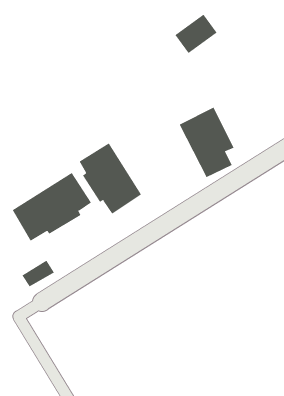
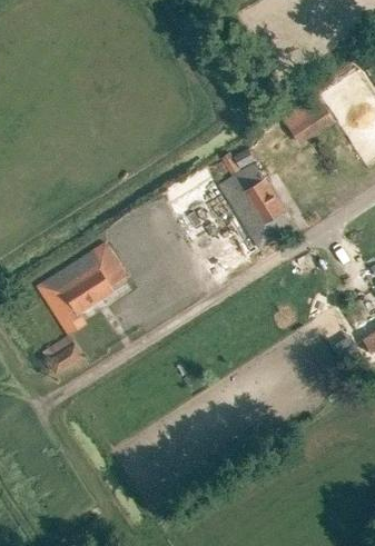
building: [175,14,218,54] -> [290,98,339,143]
building: [79,143,142,215] -> none

